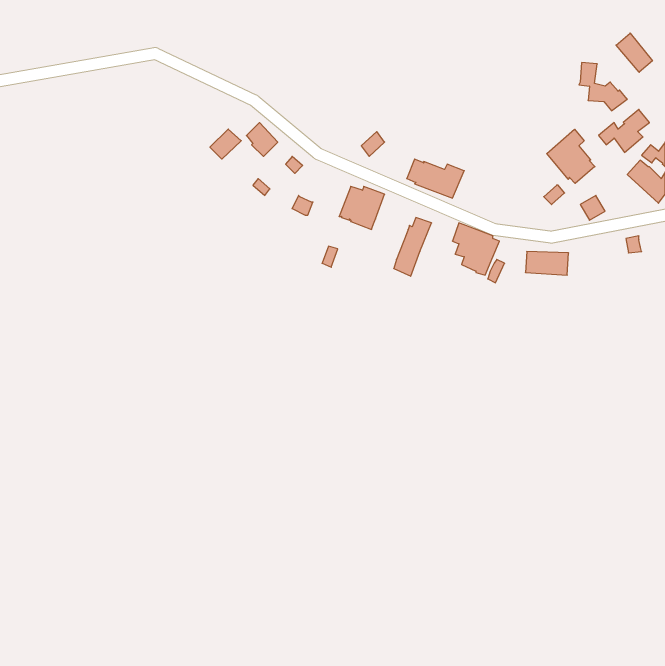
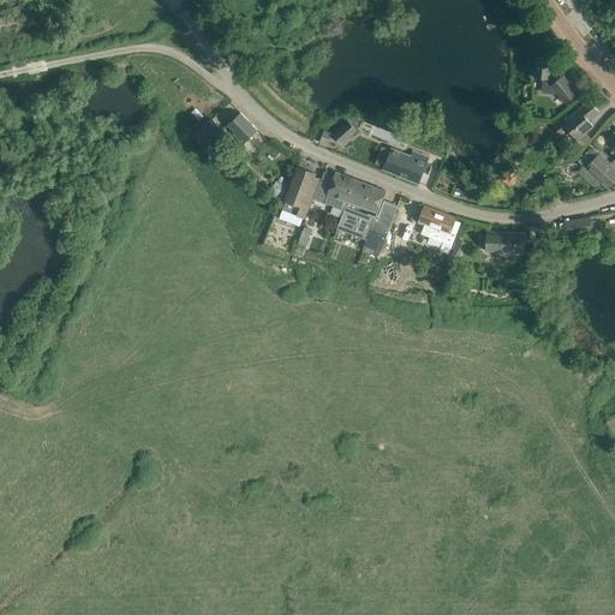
building: [616,33,652,72] -> none
building: [547,129,595,183] -> none
building: none -> [277,161,320,226]
building: none -> [336,179,384,239]

